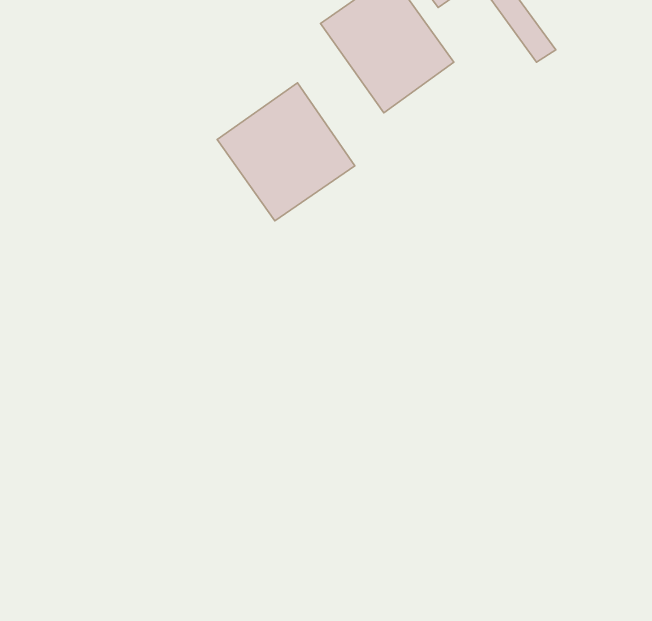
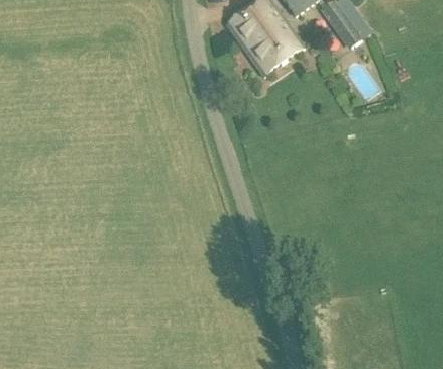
building: [217,83,355,221] -> none

